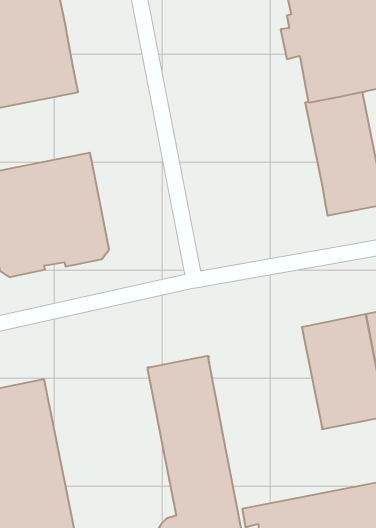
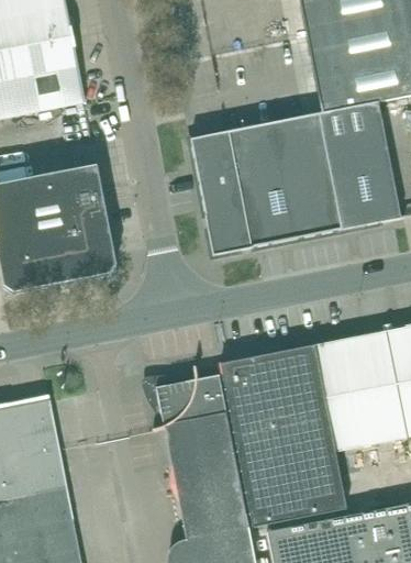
building: none -> [189,113,341,255]
building: none -> [219,344,346,527]

